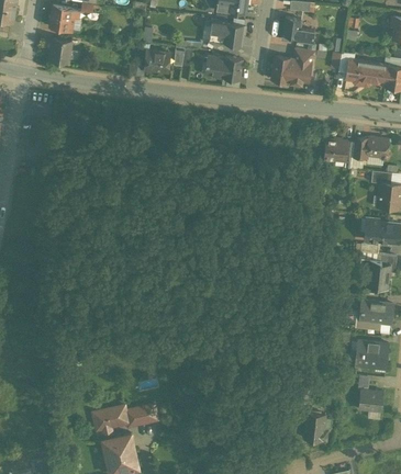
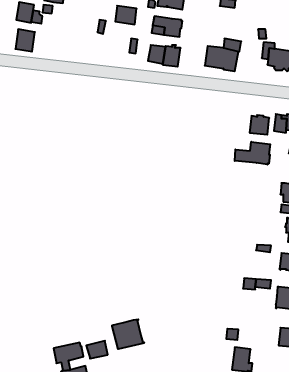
building: [281,19,313,42] -> none
building: [144,50,169,72] -> [115,6,137,24]
building: none -> [235,142,270,165]
building: none -> [112,319,144,349]

